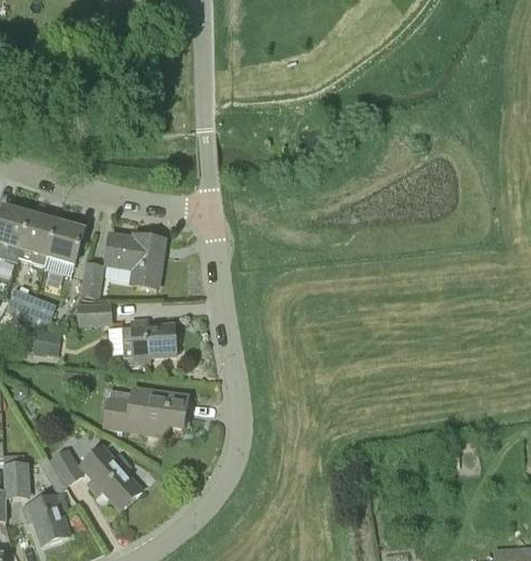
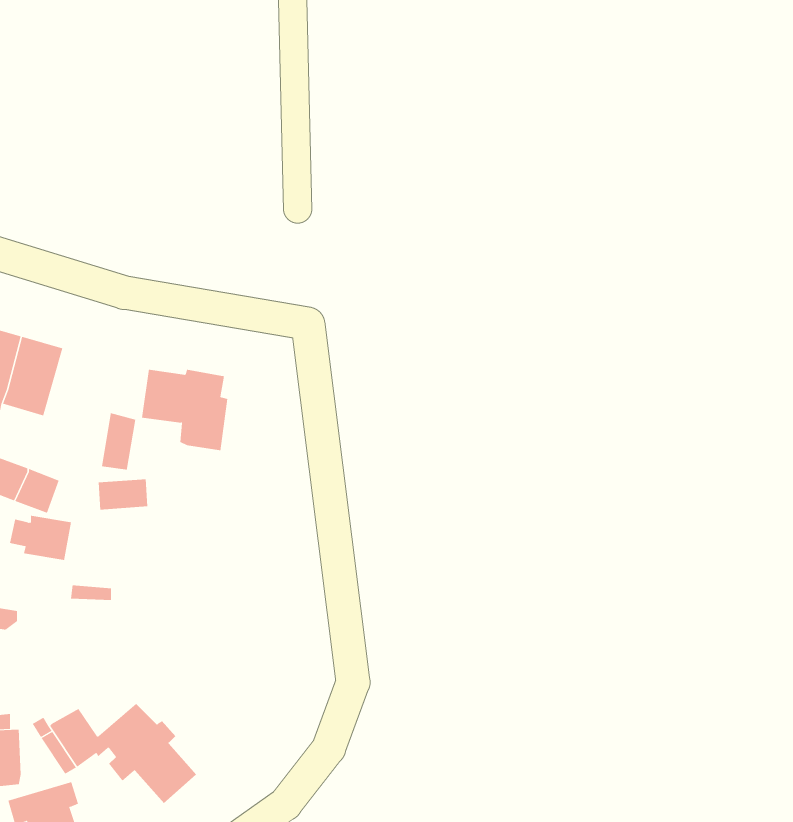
building: [45,221,84,271] -> none
building: [122,320,175,362] -> none
building: [104,386,187,433] -> none

